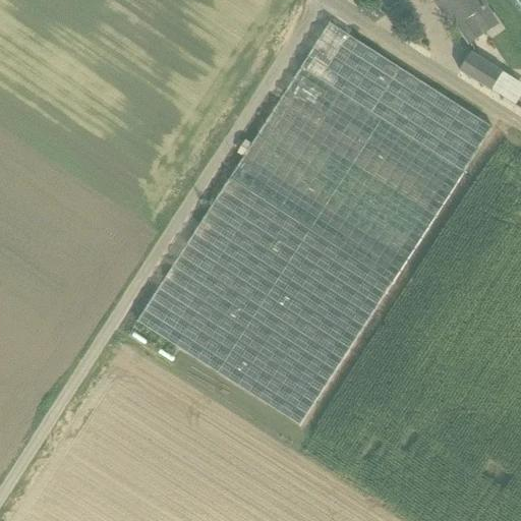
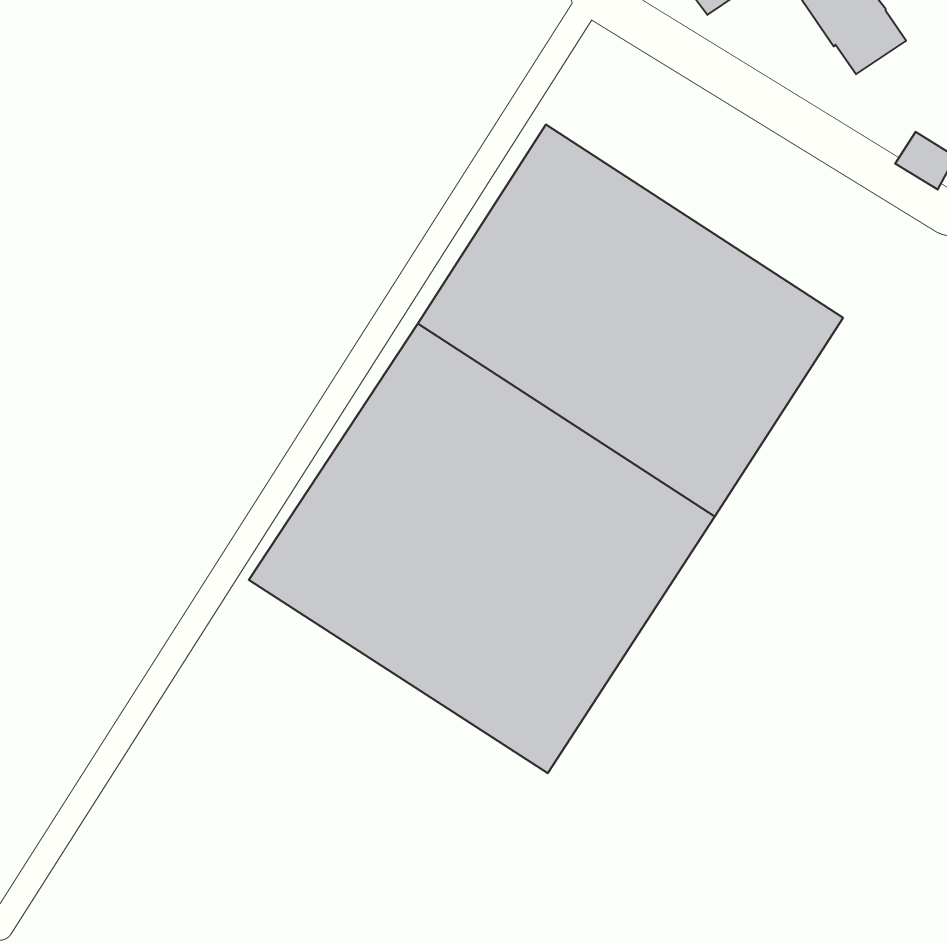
building: [300,22,493,174] -> none
building: [461,53,503,90] -> none

